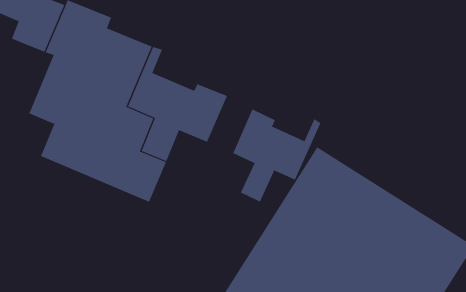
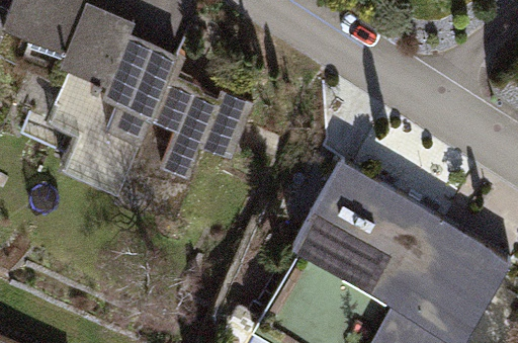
building: [233,109,321,202] -> none

